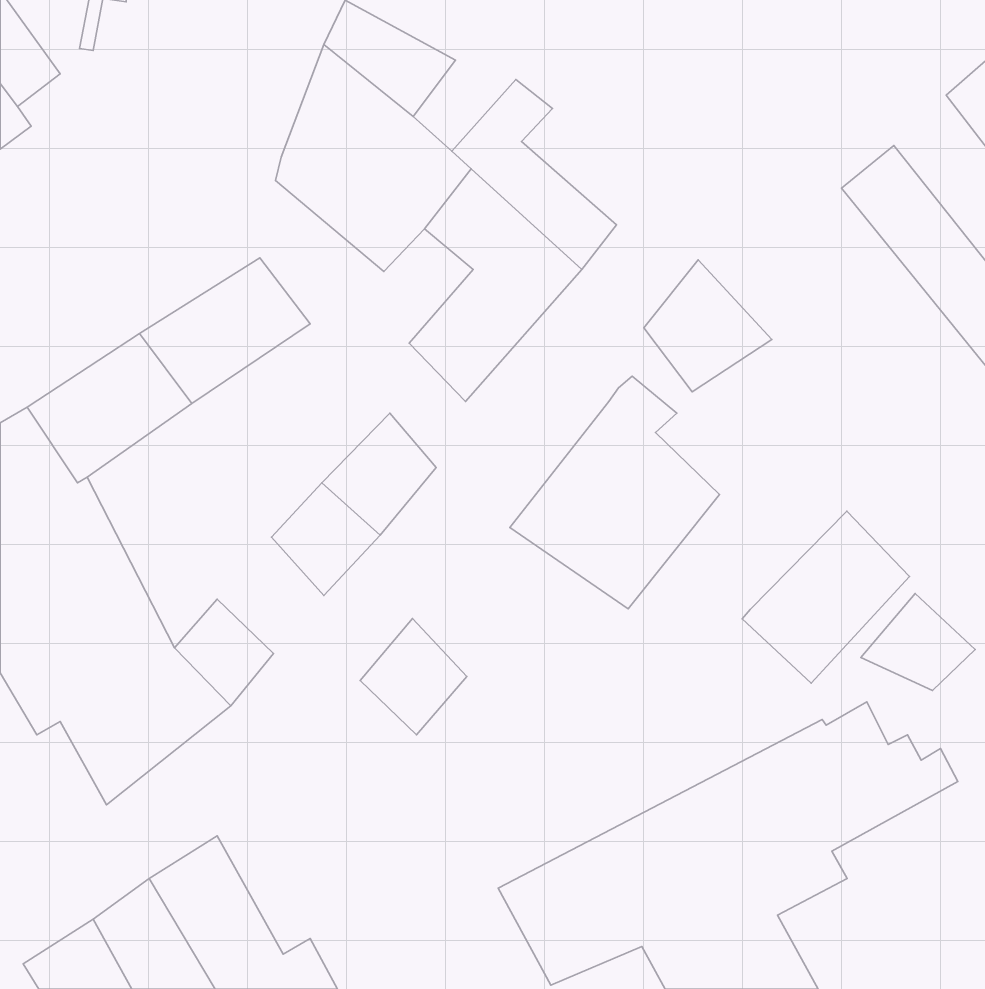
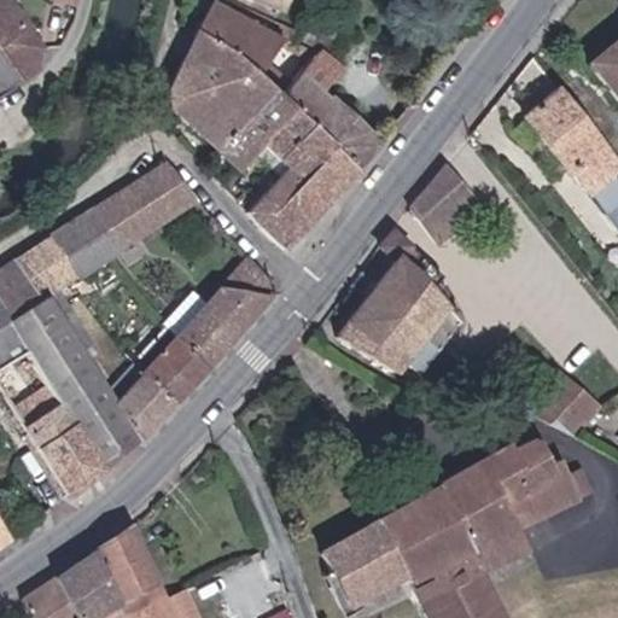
building: [742,511,909,683] -> none
building: [360,618,467,735] -> [139,334,205,407]

